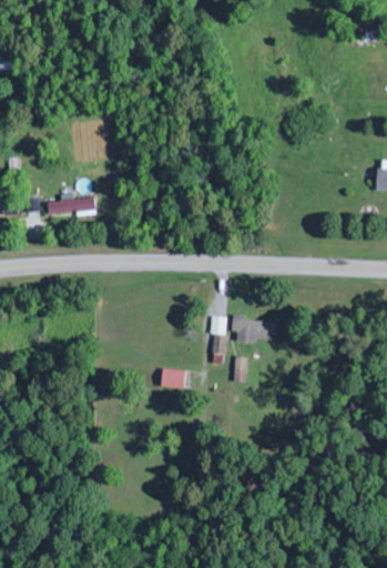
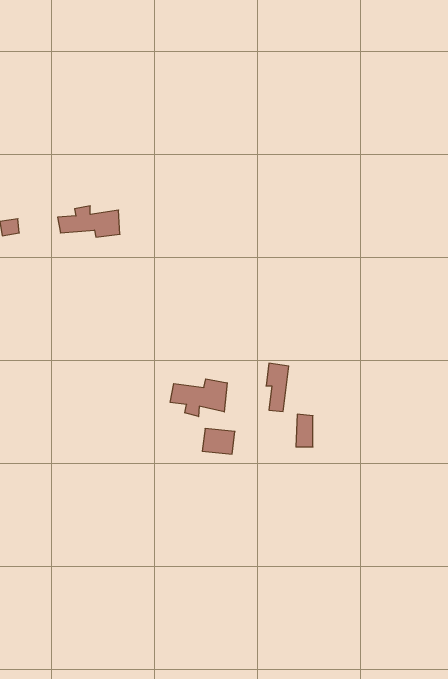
building: [233,315,275,341] -> none
building: none -> [170,379,227,417]

